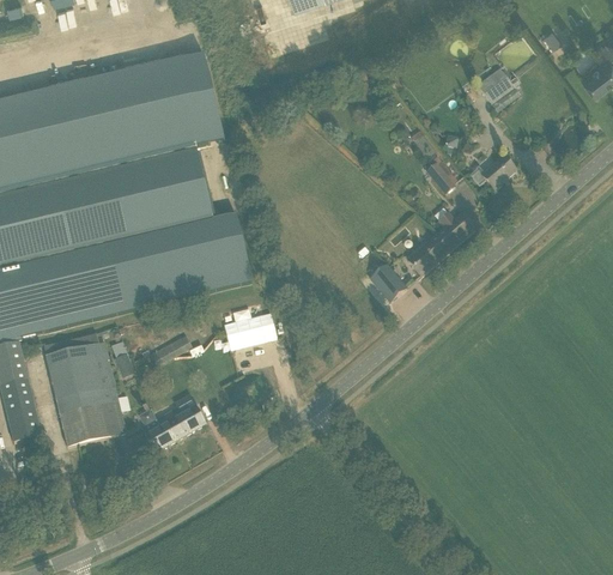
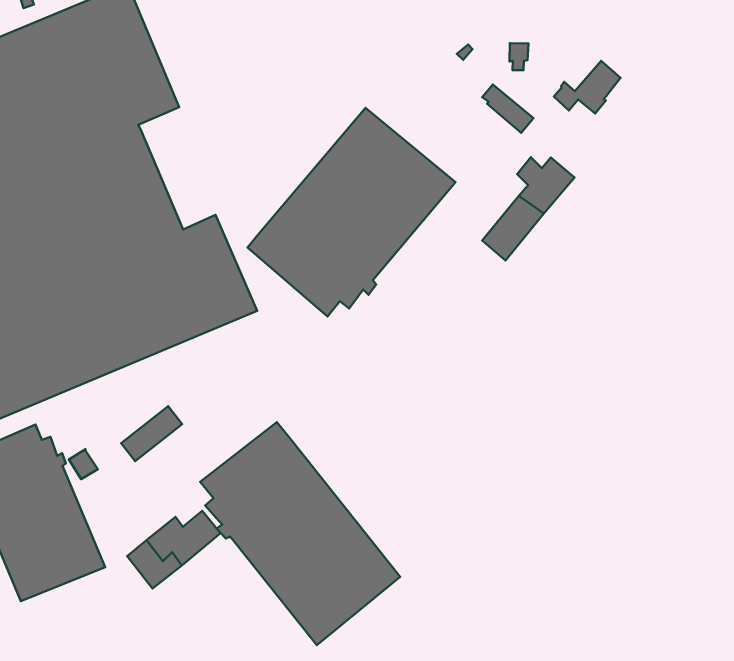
building: none -> [248,108,456,316]
building: [370,261,406,299] -> none
building: [221,313,261,345] -> none
building: none -> [200,422,400,645]

